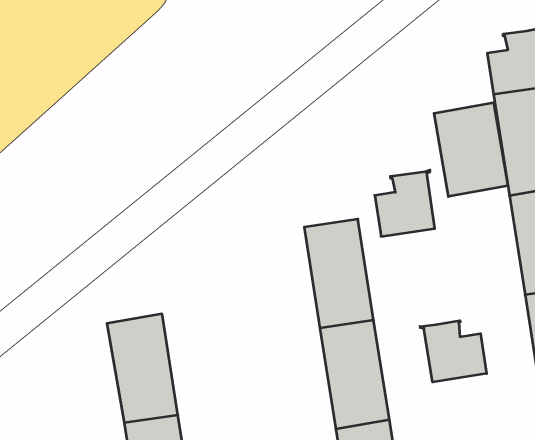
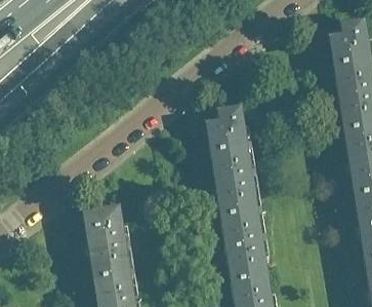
building: [434,103,508,197] -> none
building: [375,170,435,236] -> [207,105,246,148]
building: [420,321,487,382] -> none

